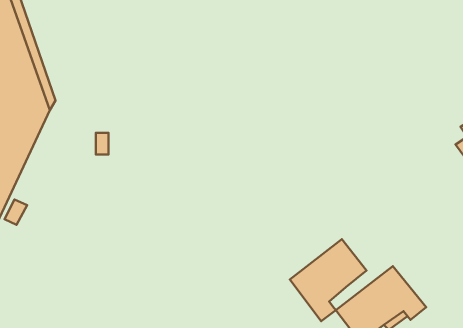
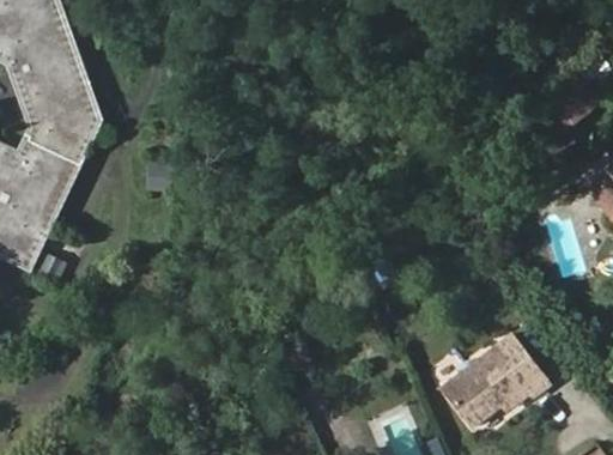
building: [290,239,367,321] -> none

